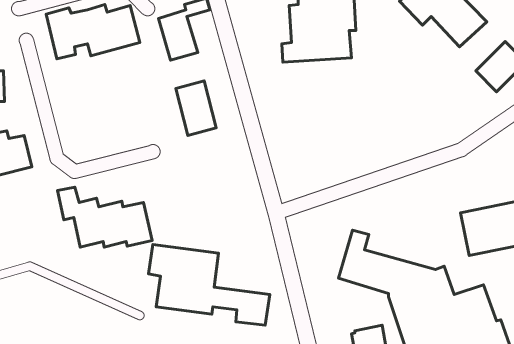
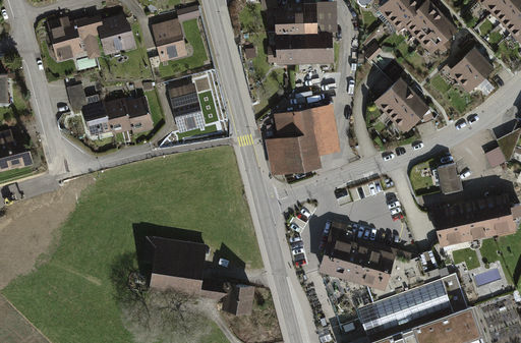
building: none -> [374,77,430,133]
building: none -> [266,104,341,175]
building: none -> [438,164,461,192]
building: [57,187,152,247] -> [66,82,155,138]

